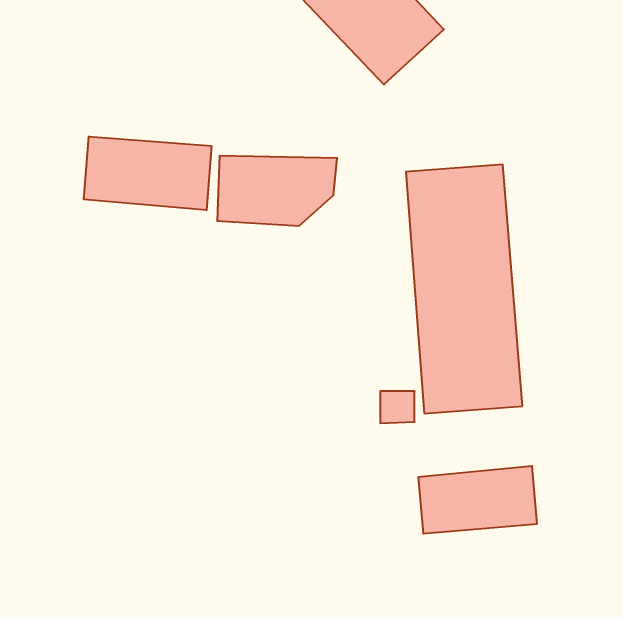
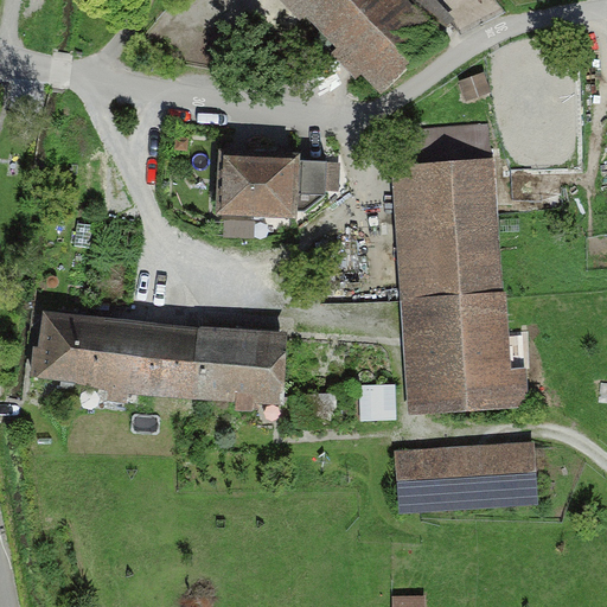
building: [84,136,211,210] -> none
building: none -> [31,315,279,395]

